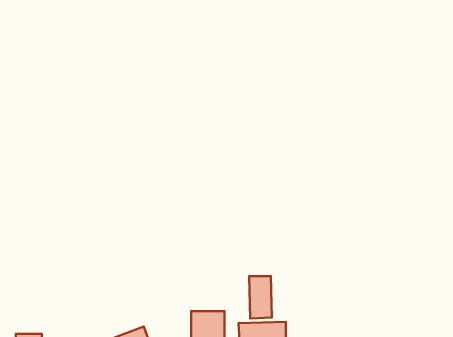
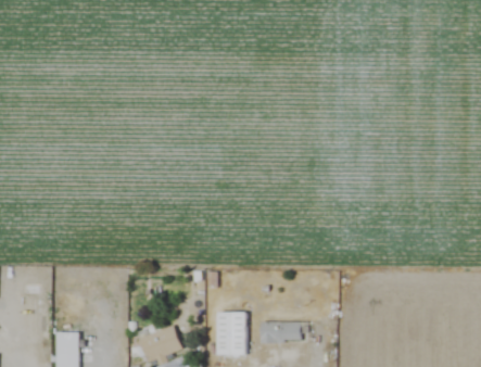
building: [249,276,272,319] -> none

